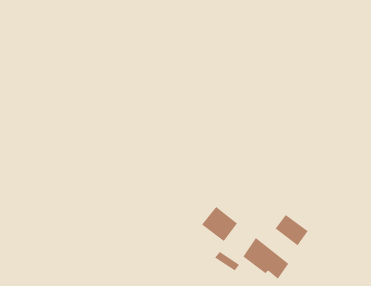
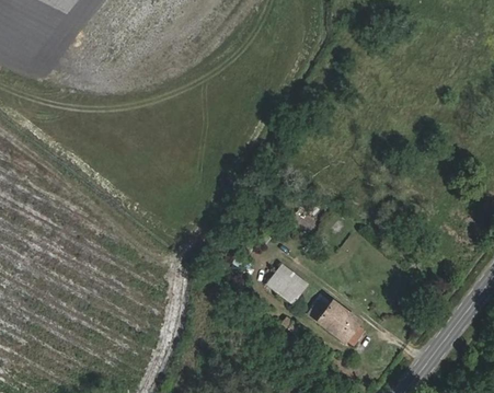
building: [275,214,309,246] -> none

